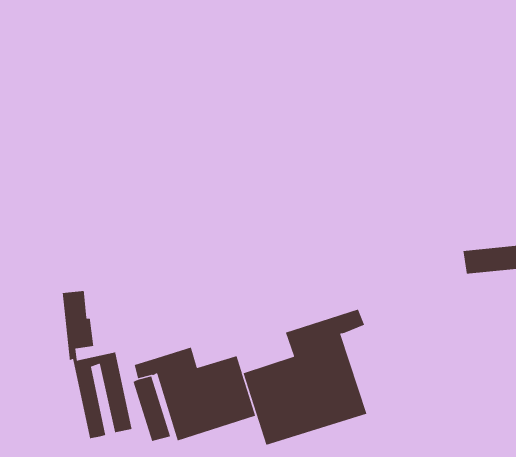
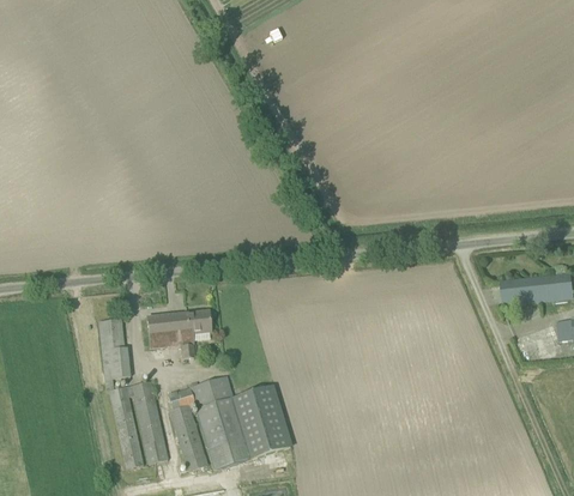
building: none -> [146,309,210,356]
building: [243,309,368,446] -> none

